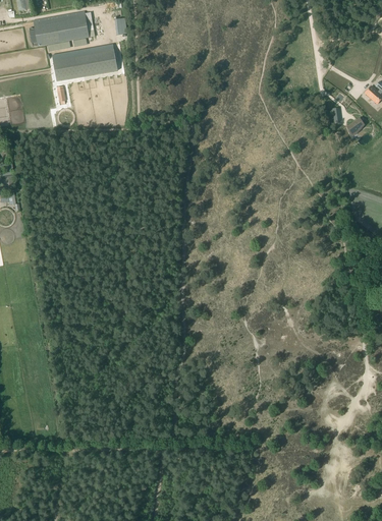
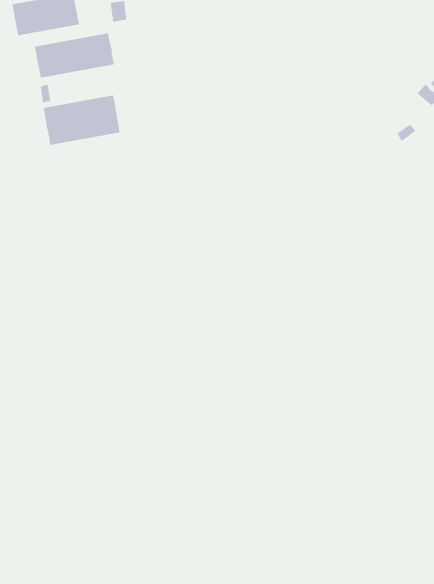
building: none -> [43,94,121,146]

